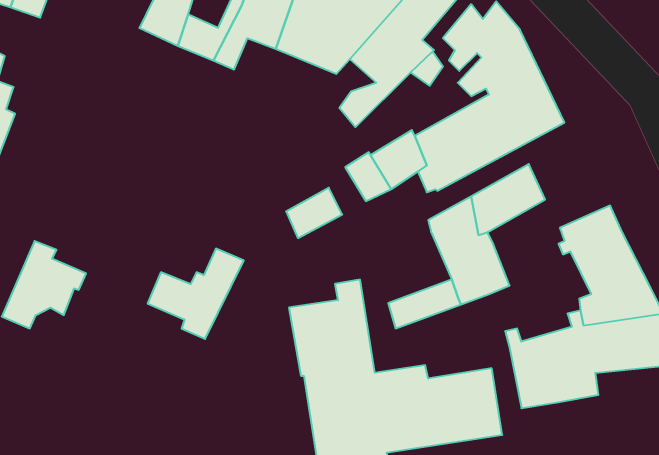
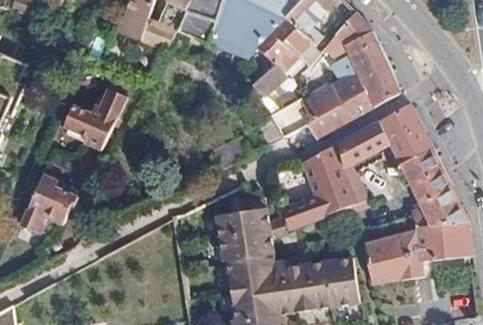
building: none -> [377,103,432,163]
building: [148,249,244,339] -> [64,87,129,148]

